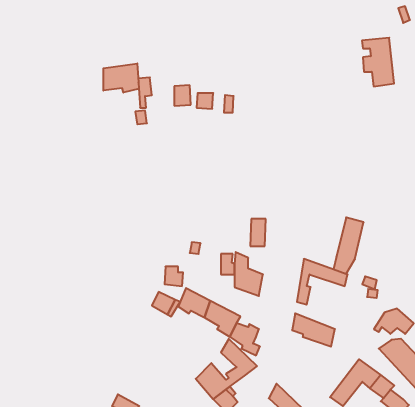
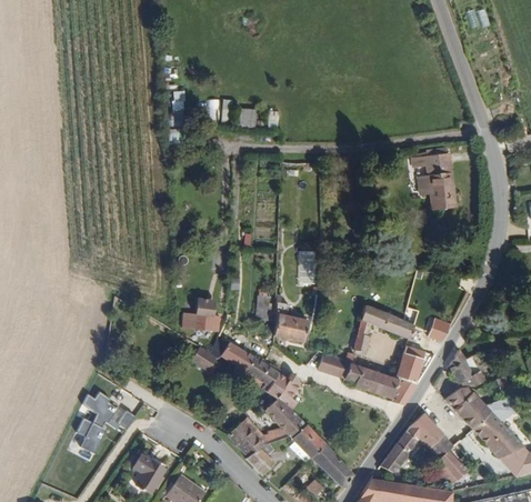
building: [362,38,394,86] -> [419,152,455,208]
building: [103,63,139,93] -> none
building: [333,217,364,274] -> [388,335,422,400]
building: none -> [317,353,345,381]
building: none -> [72,395,132,458]
building: none -> [288,422,324,459]

